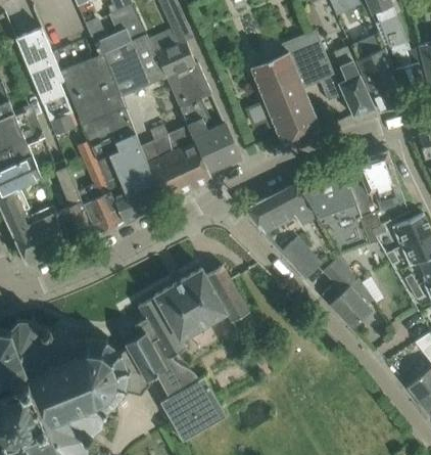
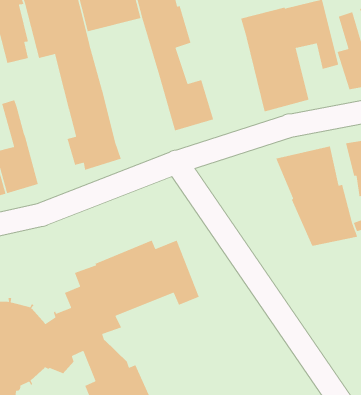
building: [141,126,211,202] -> none
building: [79,133,135,234] -> none
building: [249,183,317,232] -> none
building: [281,237,321,278] -> none
building: [322,255,373,327] -> none

